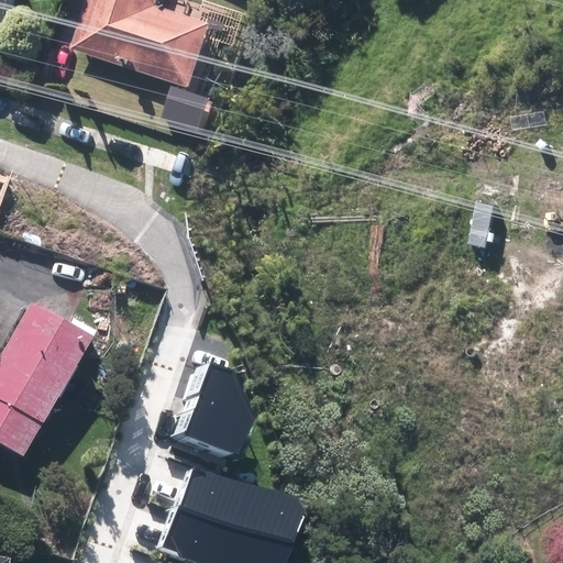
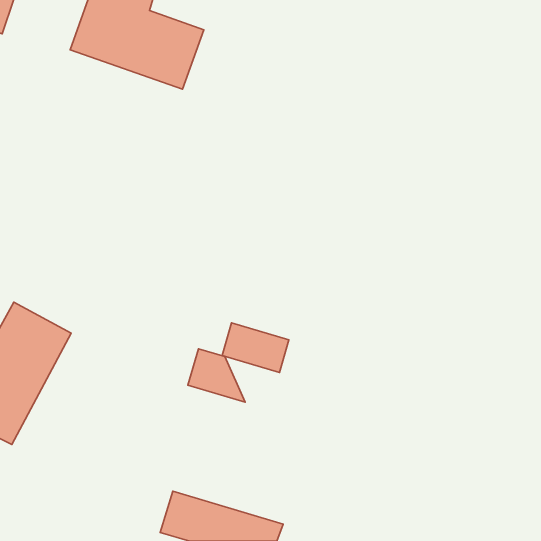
building: [185,399,254,451] -> [222,323,289,373]
building: [179,467,306,543] -> none

